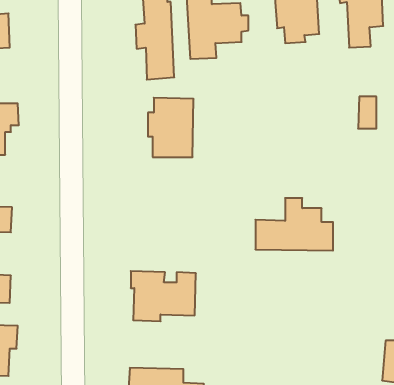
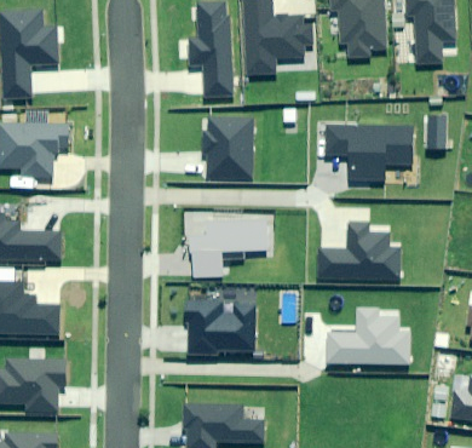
building: none -> [328,125,411,180]
building: none -> [184,211,267,275]
building: none -> [327,310,410,363]

